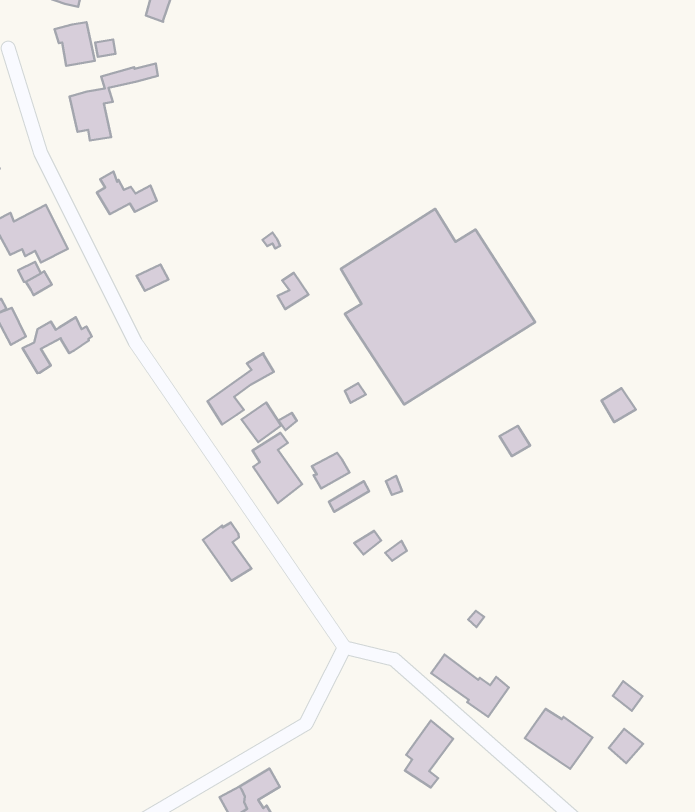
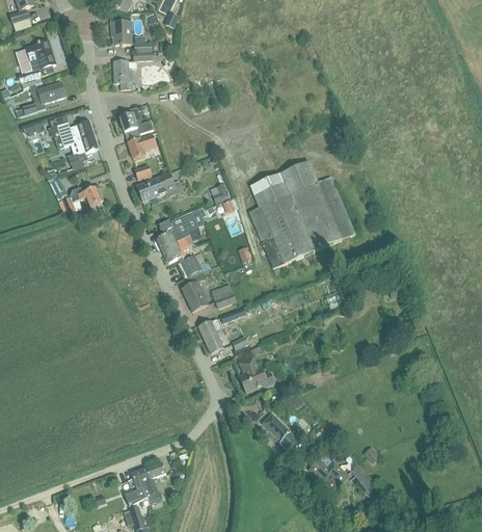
building: none -> [127,134,156,159]
building: none -> [137,172,173,202]
building: none -> [157,212,197,247]
building: [203,522,252,581] -> [197,319,222,352]
building: none -> [238,357,273,393]
building: [405,721,453,787] -> none

